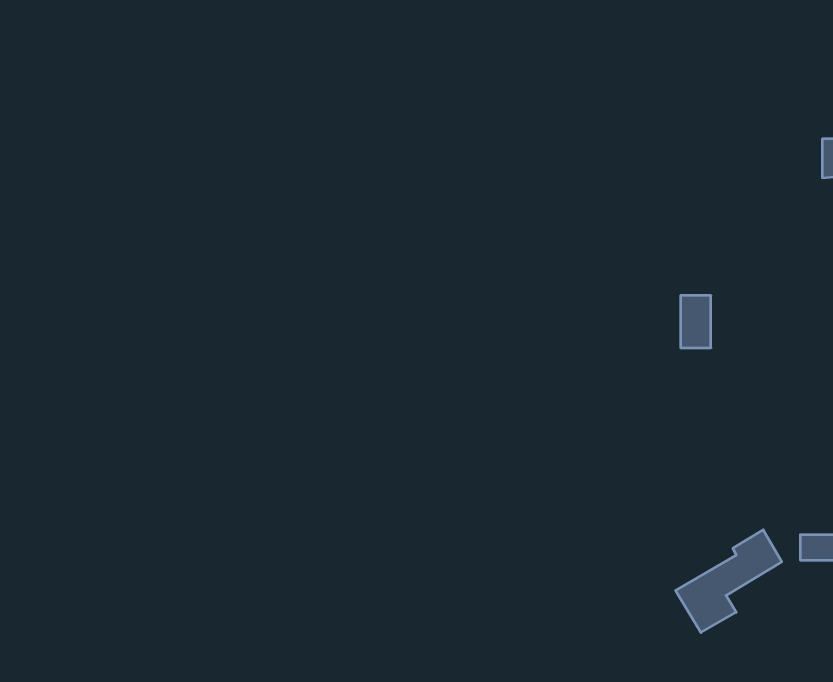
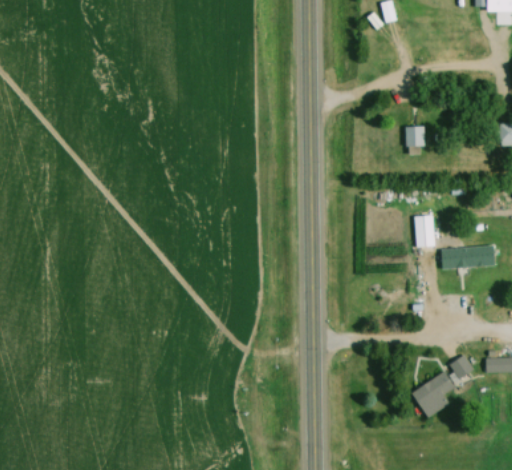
building: none -> [406,125,424,147]
building: none -> [441,246,494,268]

